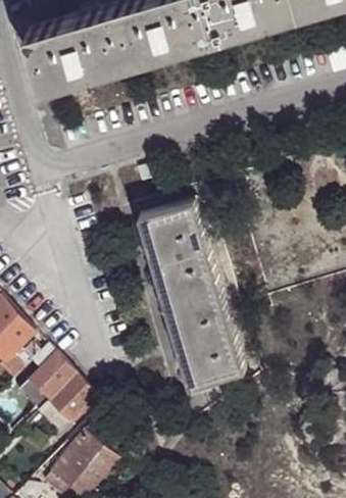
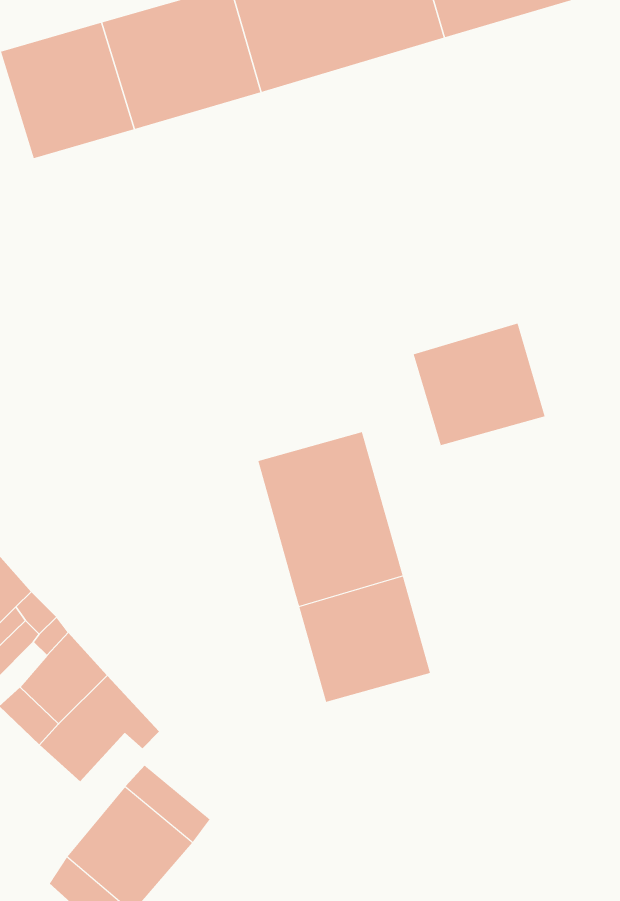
building: [138,196,207,260] -> [413,323,546,446]

